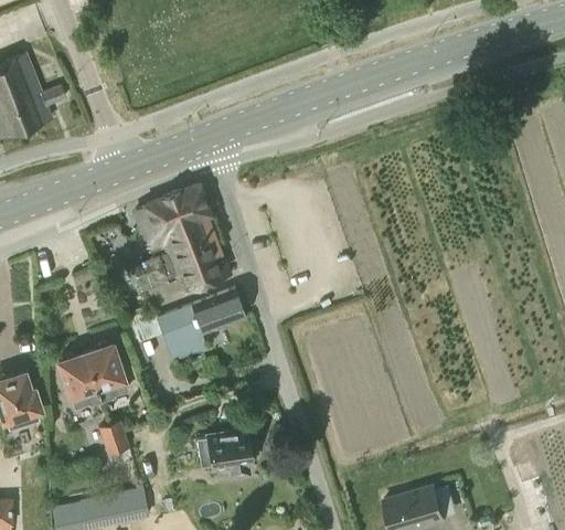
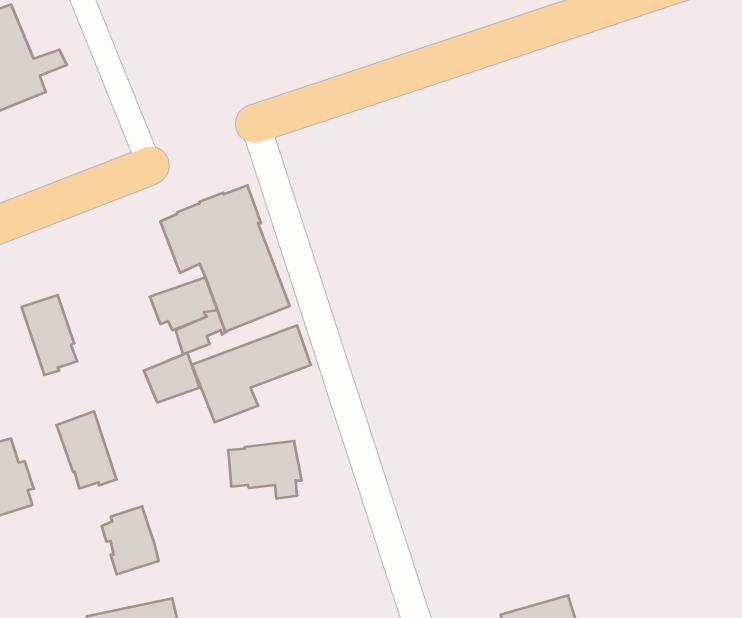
building: [85,342,126,401] -> [22,295,77,375]
building: [196,433,250,475] -> [228,441,302,498]

